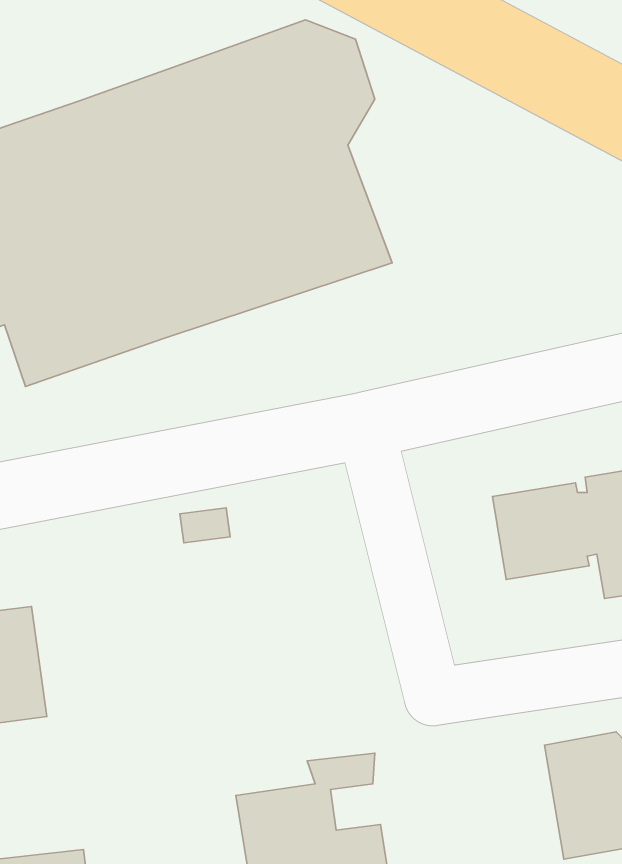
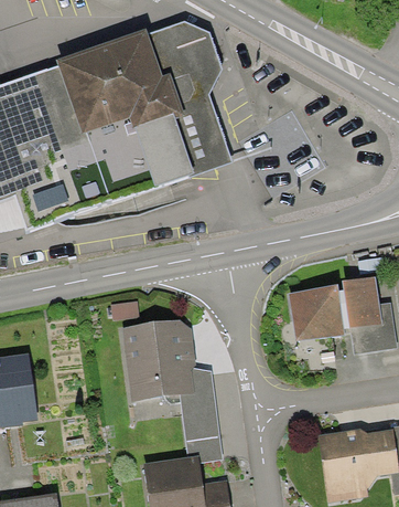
building: none -> [120,319,223,444]

